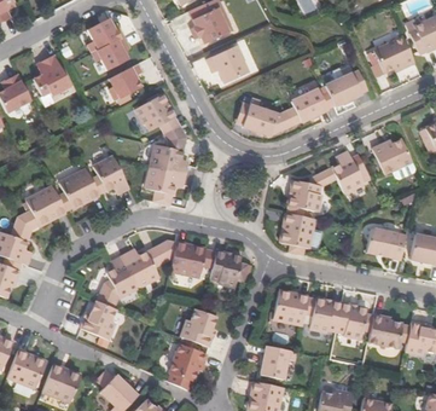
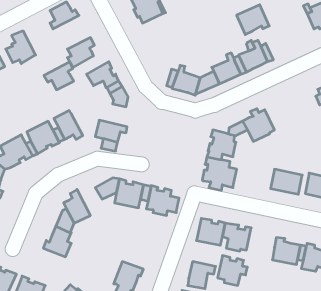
building: [92,35,129,70] -> [44,62,74,90]
building: [374,36,415,74] -> [237,5,269,35]
building: [207,46,248,83] -> none
building: [367,137,413,174] -> none
building: [150,144,187,175] -> none
building: [122,250,158,286] -> none
building: [335,302,372,340] -> [218,256,247,285]
building: [179,308,215,346] -> none

